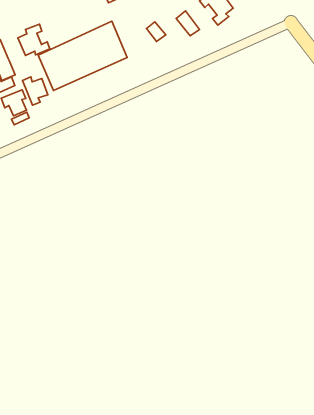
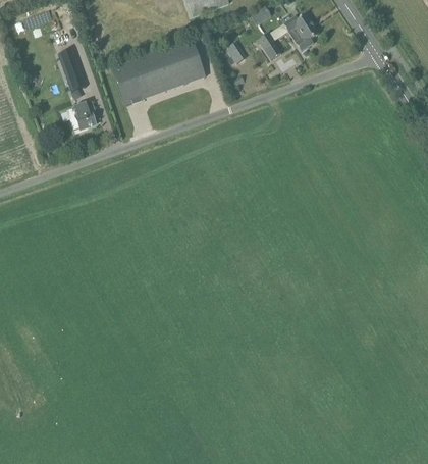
building: [18,24,50,55] -> none
building: [23,77,48,105] -> none

